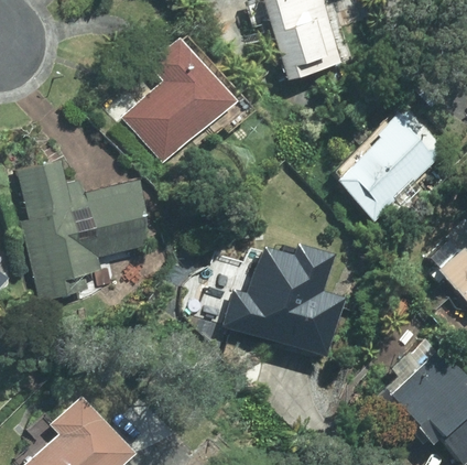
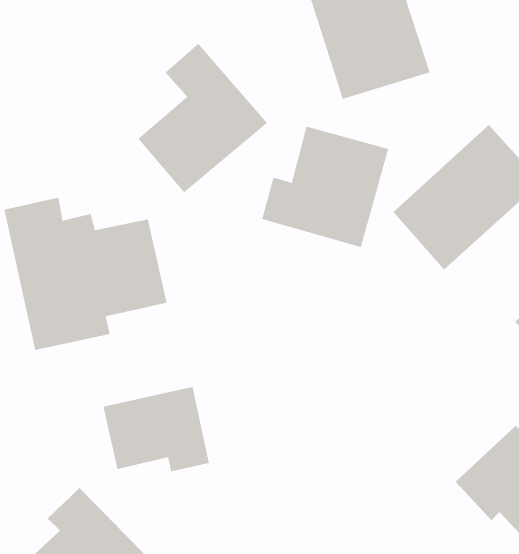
building: none -> [261,126,389,248]
building: [222,237,339,358] -> none
building: none -> [103,386,209,472]

